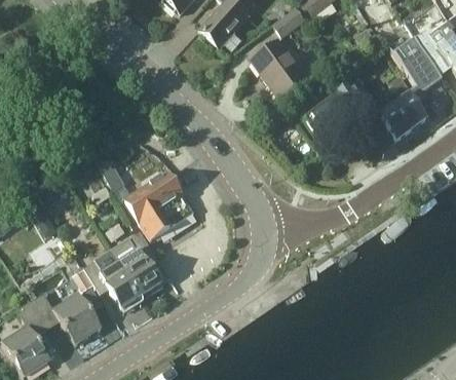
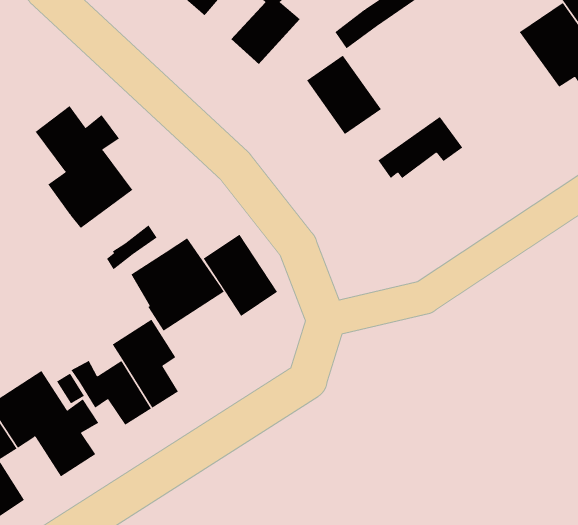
building: [381,45,441,139] -> none
building: none -> [35,105,133,229]
building: none -> [203,234,278,317]

